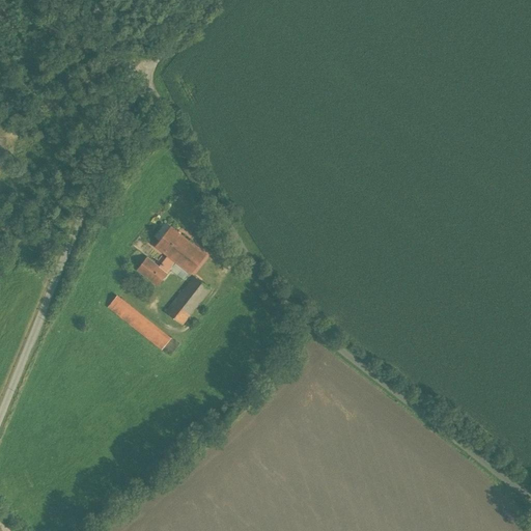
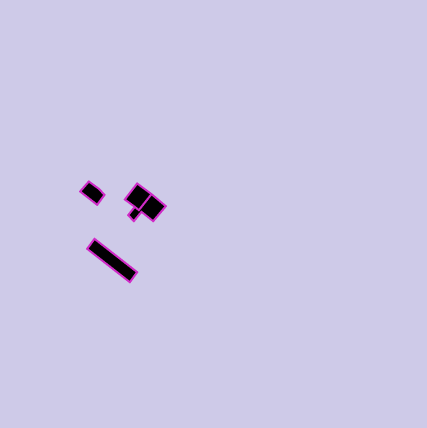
building: [136,257,166,286] -> [80,181,105,205]
building: [166,275,211,323] -> none

